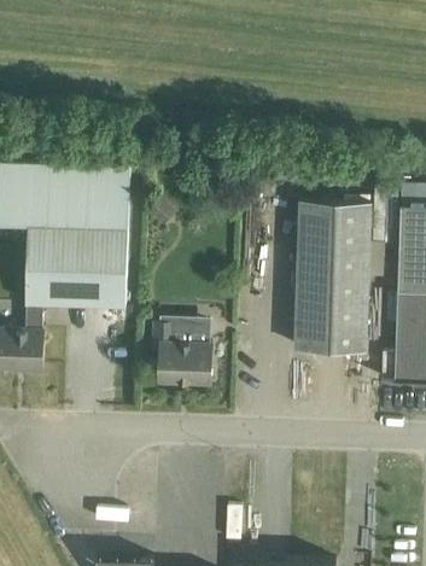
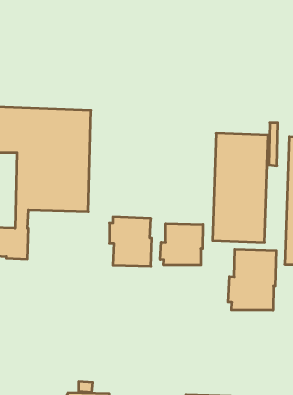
building: none -> [160,224,203,265]
building: none -> [228,249,276,310]

